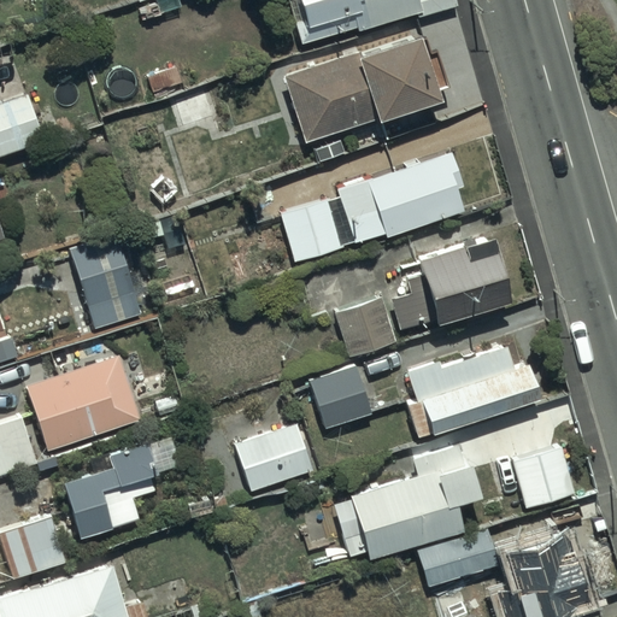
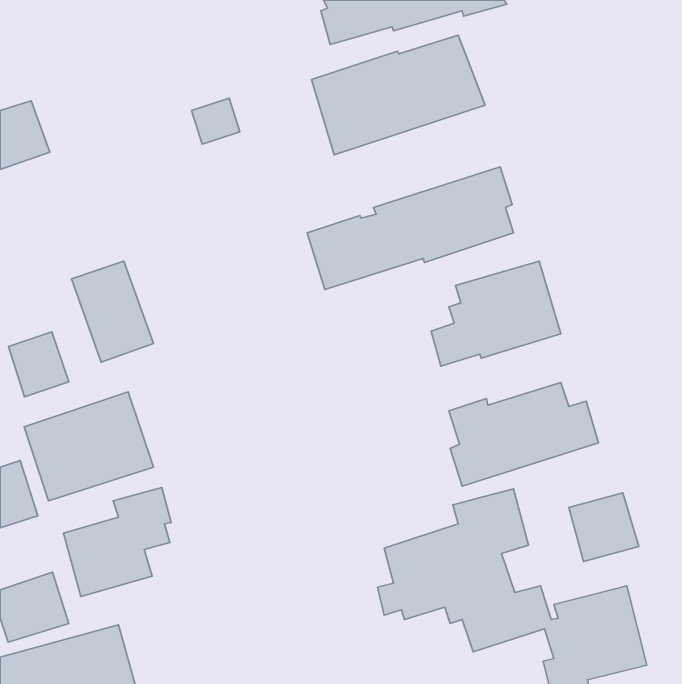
building: [335,296,400,359] -> none
building: none -> [8,332,69,397]
building: [311,365,376,429] -> none
building: [234,422,315,490] -> none

